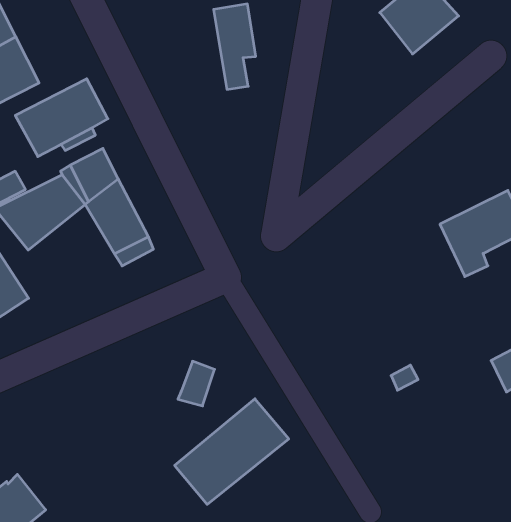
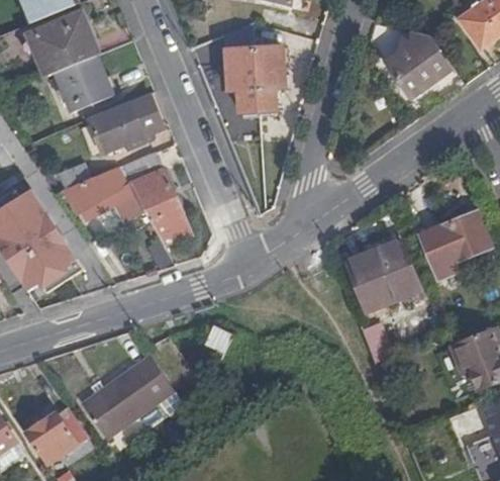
building: none -> [226,47,260,113]
building: none -> [348,240,420,310]
building: [175,399,289,504] -> [81,357,174,438]

